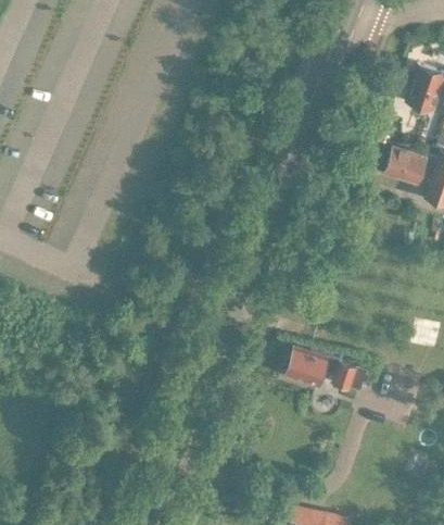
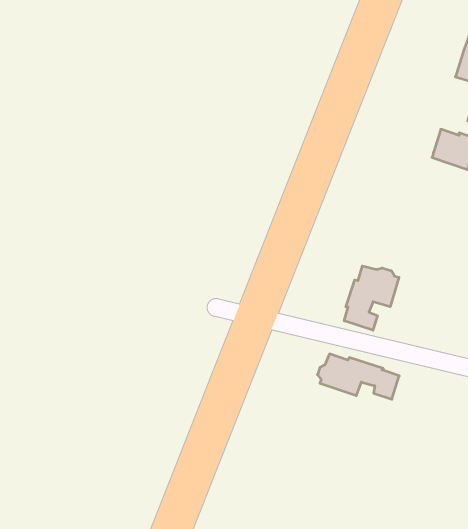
building: none -> [344,266,399,330]

